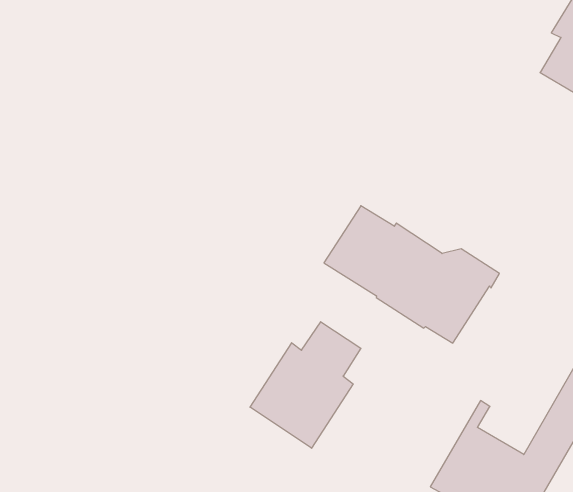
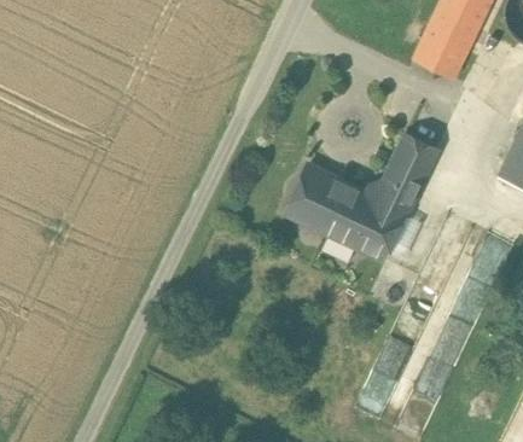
building: none -> [382,136,436,205]
building: [250,322,361,448] -> none

